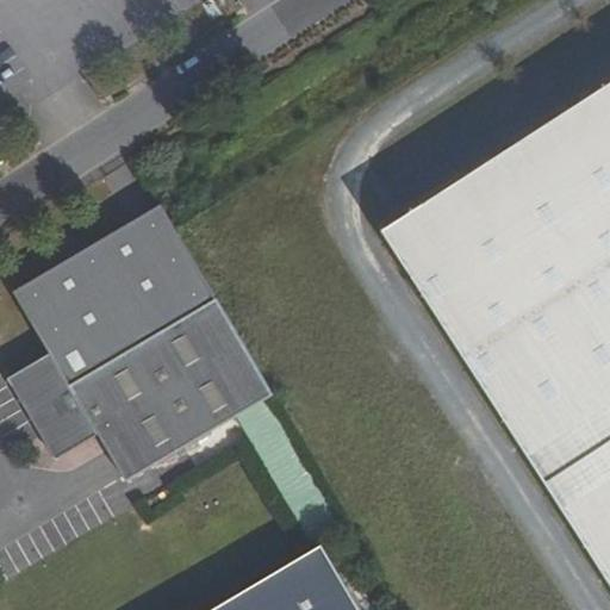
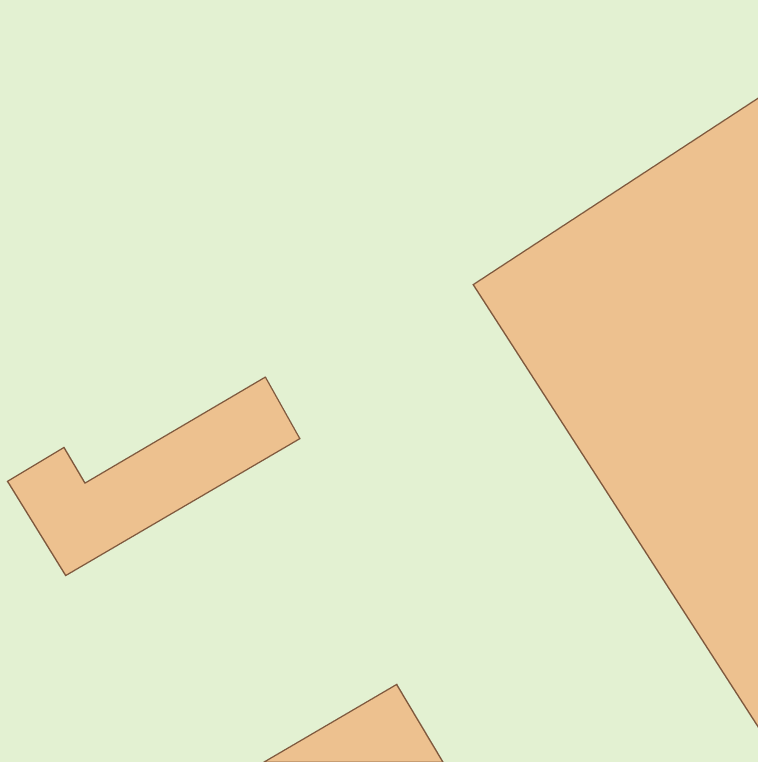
building: [15,206,216,386] -> none
building: [56,350,273,486] -> none

